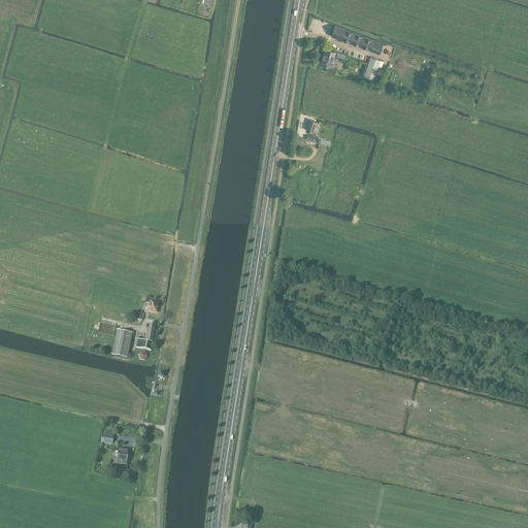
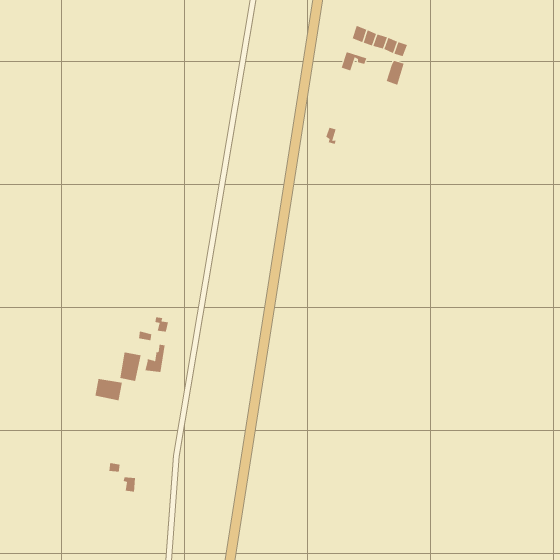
building: none -> [95,378,122,401]

